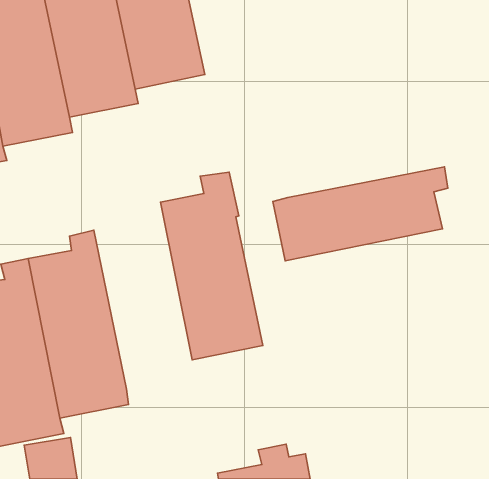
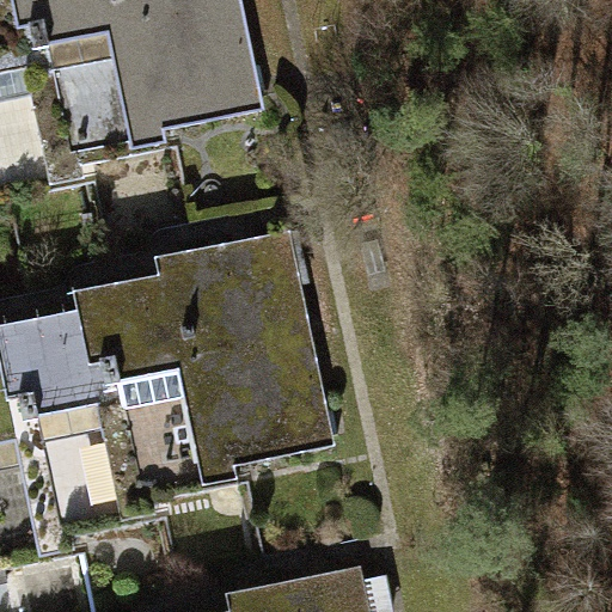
building: [273,167,448,261] -> none
building: none -> [116,250,243,481]

